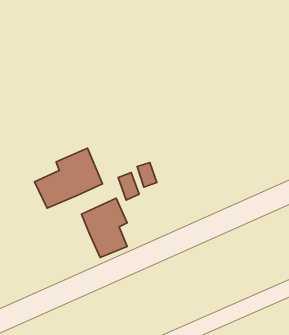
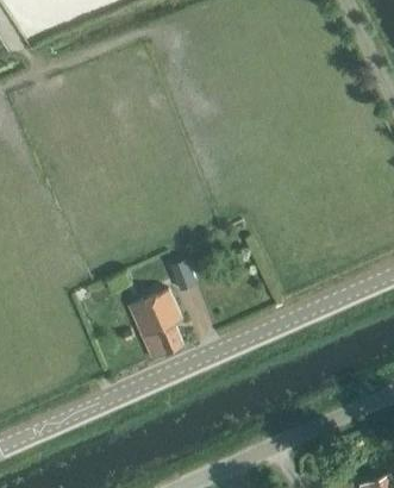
building: [35,148,102,208] -> none

